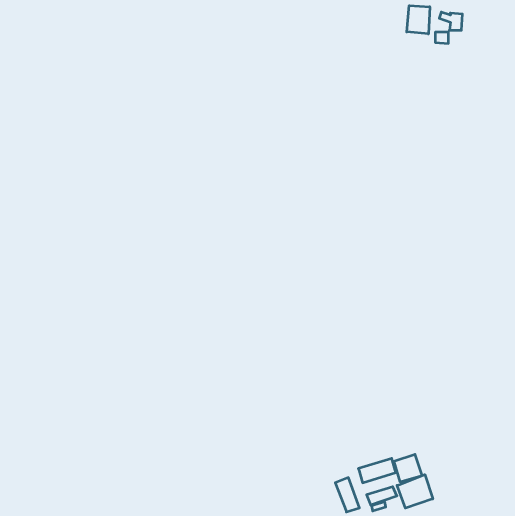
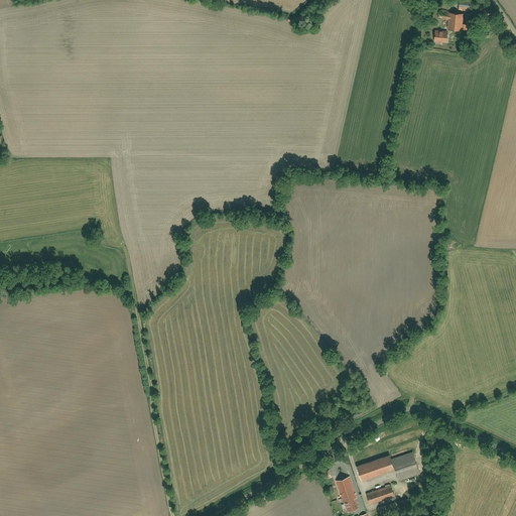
building: [407,6,430,34] -> none
building: [397,475,433,508] -> none

